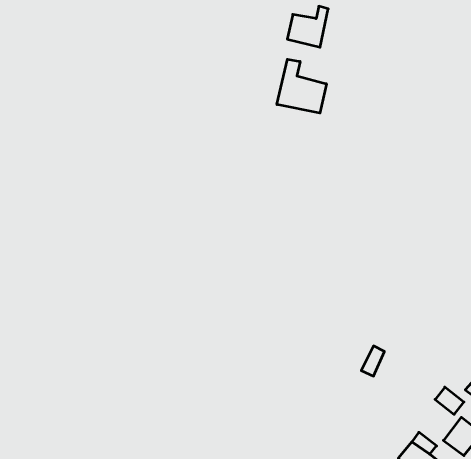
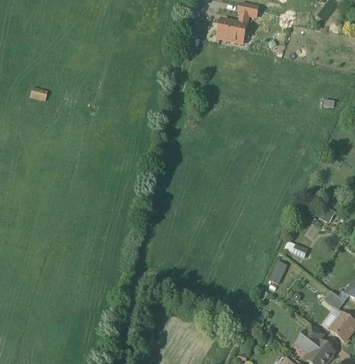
building: [277,59,326,113] -> none

